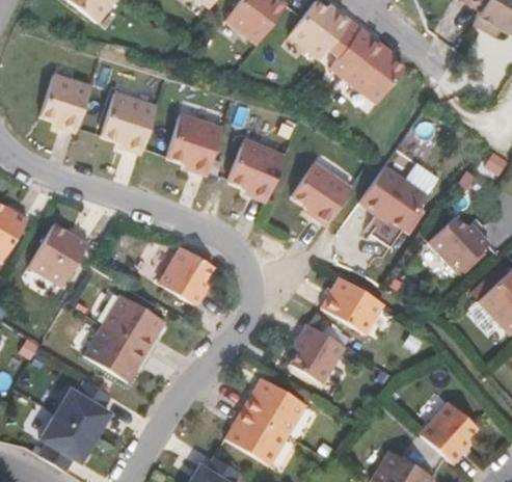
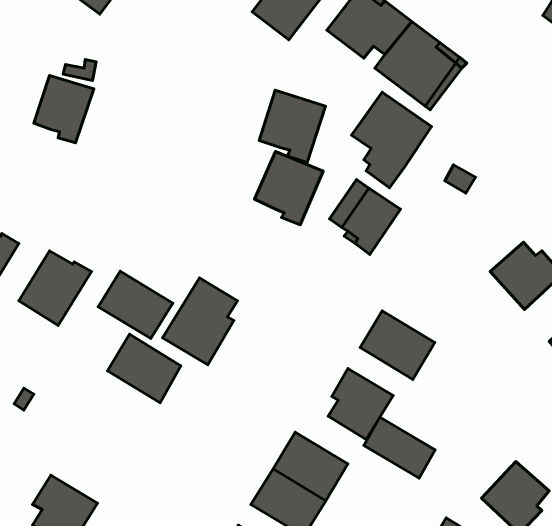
building: [102,92,157,154] -> none
building: [167,114,223,176] -> [259,90,325,162]
building: [358,166,426,247] -> [352,92,431,188]
building: [84,325,147,382] -> [98,271,173,339]
building: none -> [364,417,435,478]
building: [55,380,110,437] -> none

